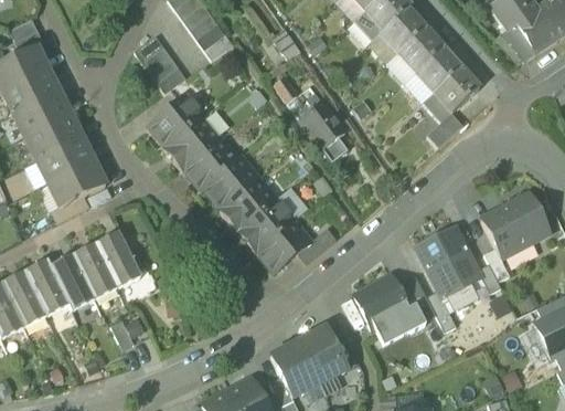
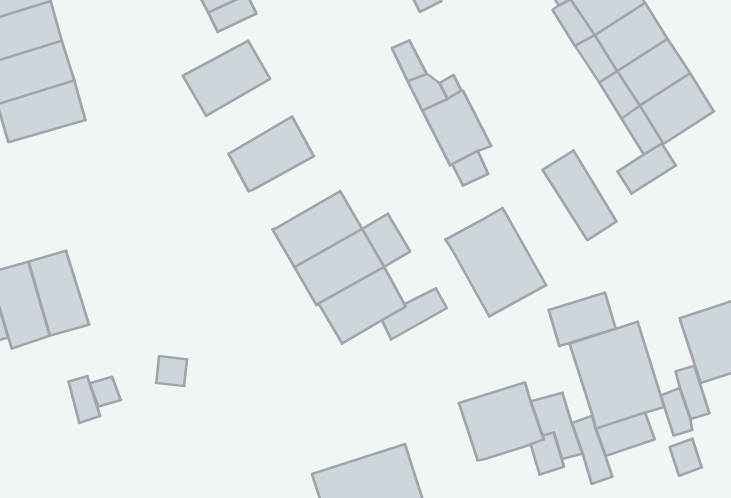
building: [166,115,221,167] -> none
building: none -> [543,150,617,240]
building: [205,156,258,207] -> none
building: [49,160,106,207] -> none
building: none -> [445,208,546,317]
building: none -> [549,292,616,346]
building: [96,231,141,286] -> none
building: [375,313,412,345] -> none

